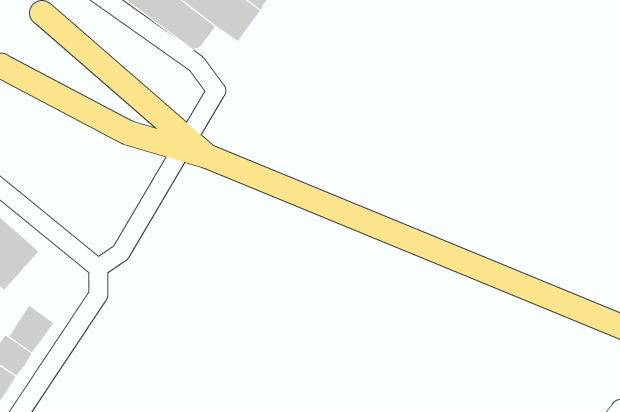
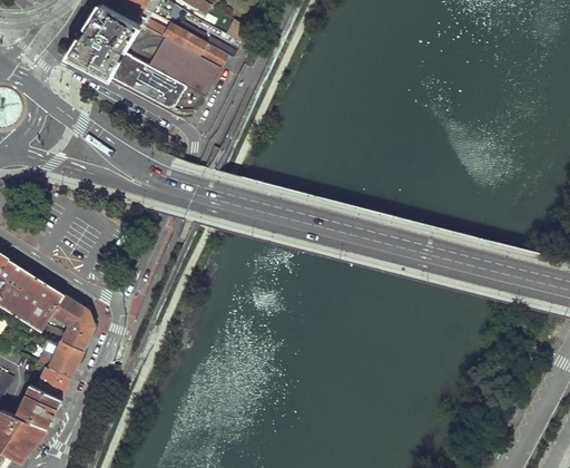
building: none -> [48,294,96,352]

